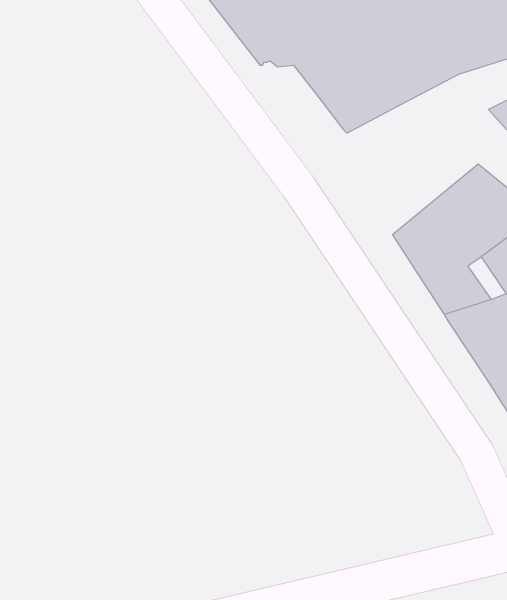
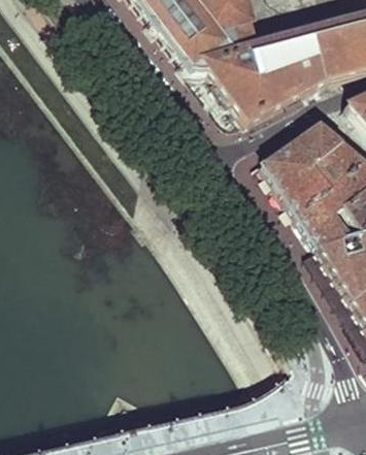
building: none -> [264,121,342,189]

